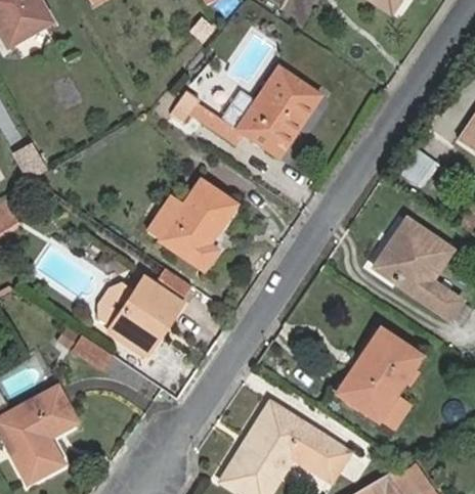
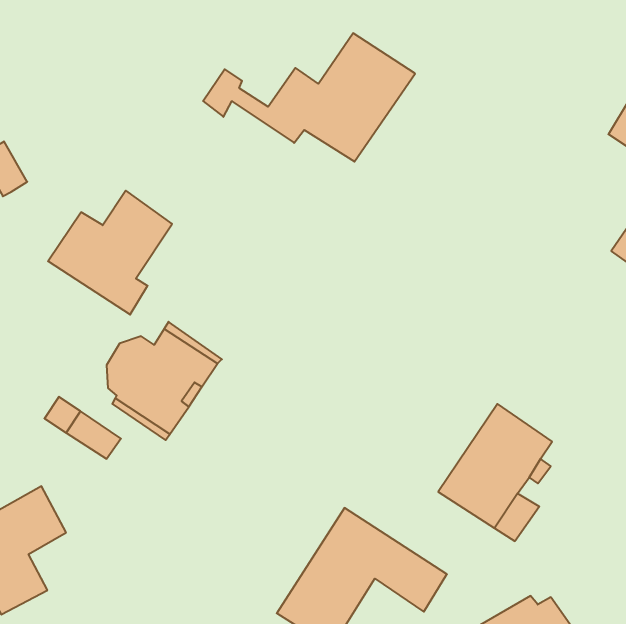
building: [404,150,440,189] -> none
building: [146,181,234,269] -> [48,191,172,315]
building: [377,220,461,317] -> none

